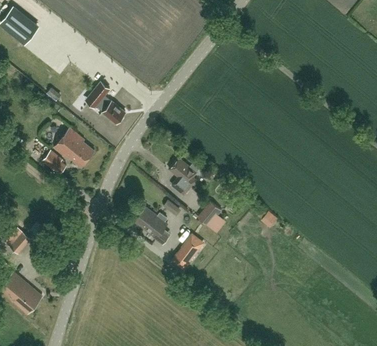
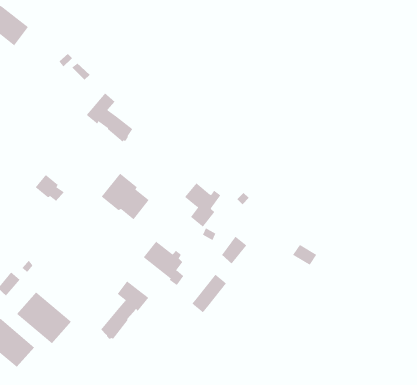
building: [53,127,94,167] -> [101,173,149,220]
building: none -> [101,280,149,340]
building: none -> [16,292,72,344]

